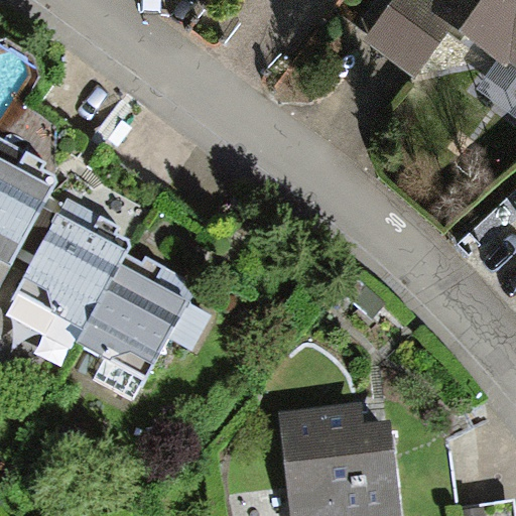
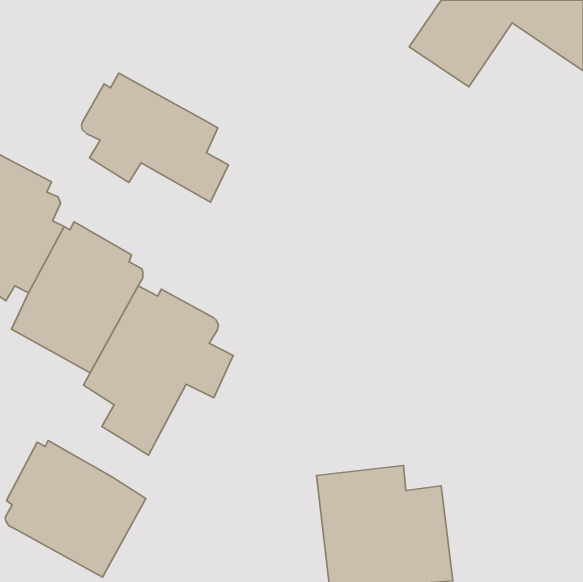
building: none -> [82,73,228,202]
building: none -> [5,440,146,577]

